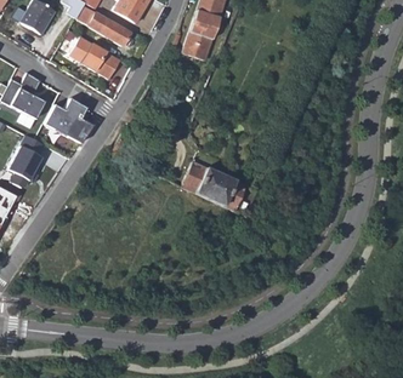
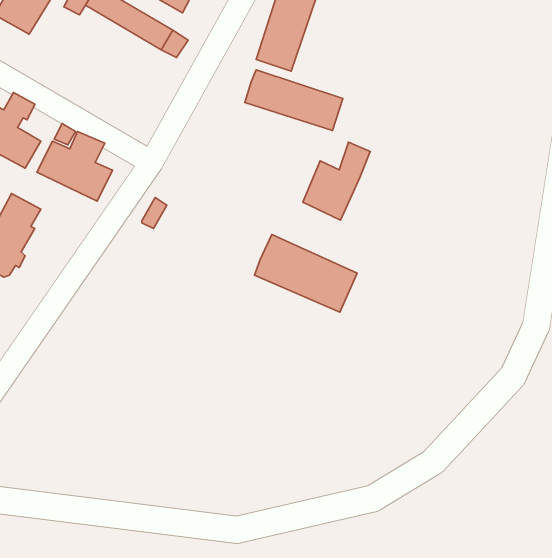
building: [68,38,119,81] -> none
building: none -> [245,70,343,130]
building: none -> [303,142,370,220]

